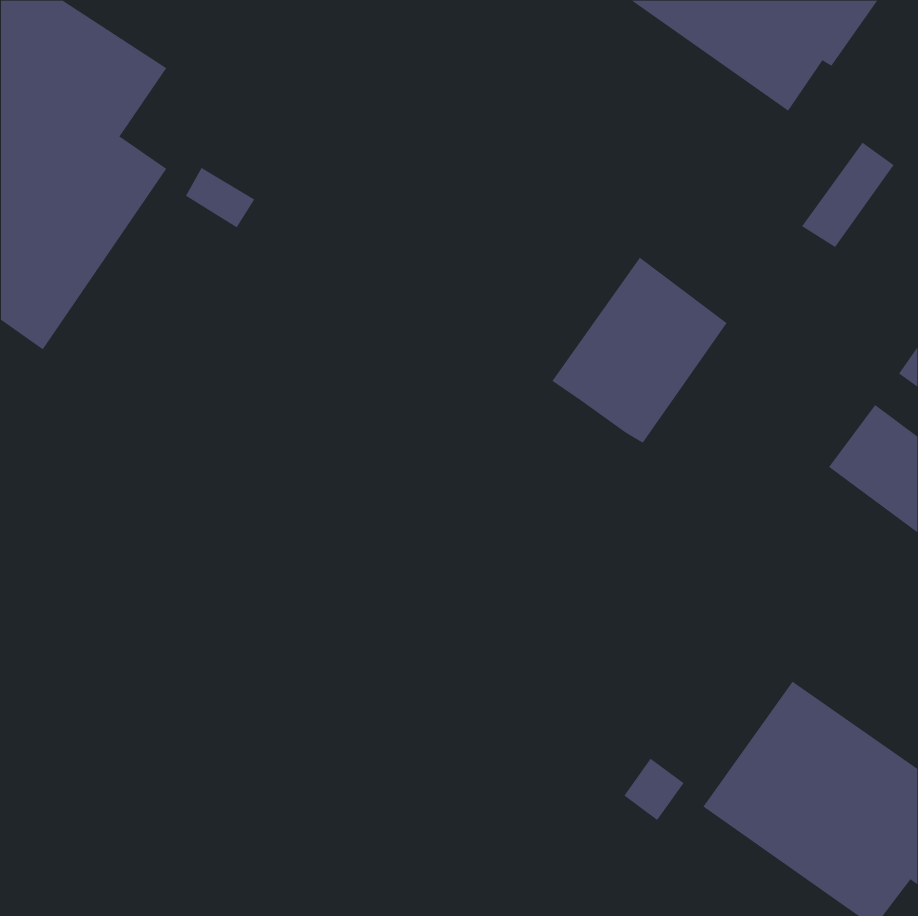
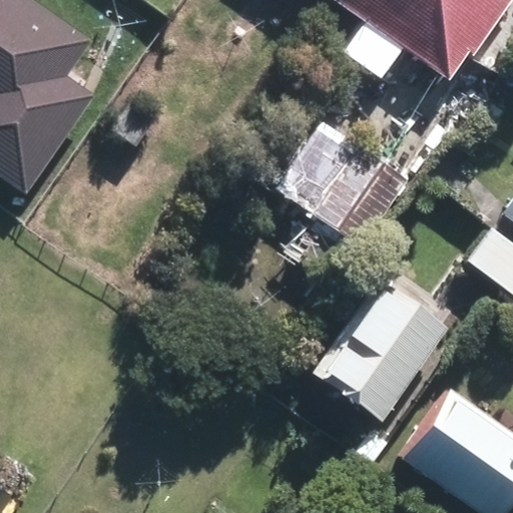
building: none -> [313,278,448,420]

